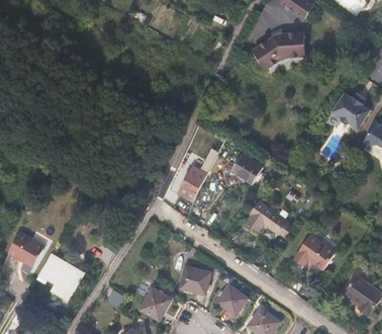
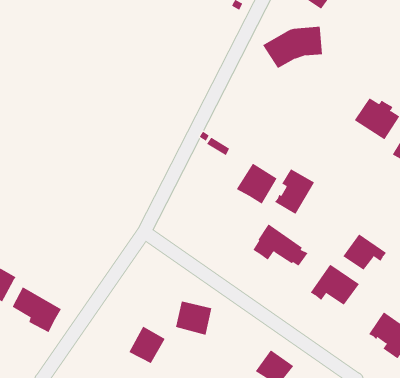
building: none -> [274,168,315,215]
building: [176,162,210,201] -> none
building: none -> [343,233,387,271]
building: [216,285,248,316] -> none

